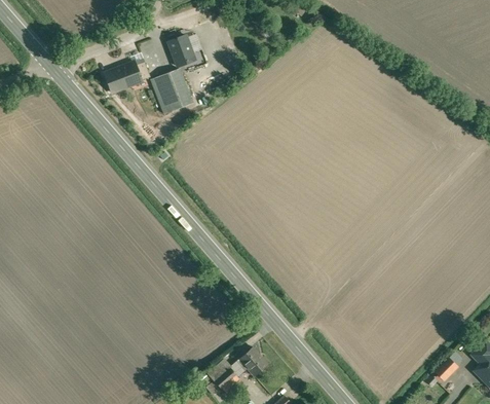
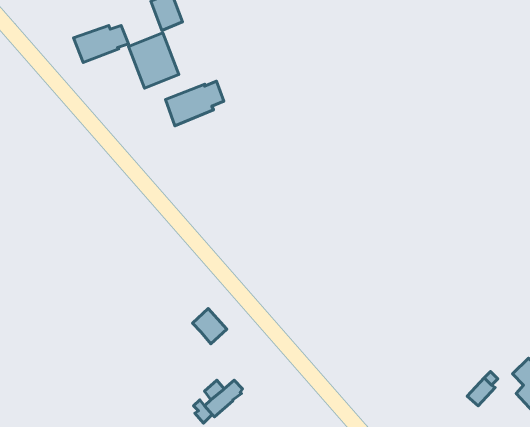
building: none -> [165,81,224,126]
building: [239,346,268,376] -> [192,308,227,344]

